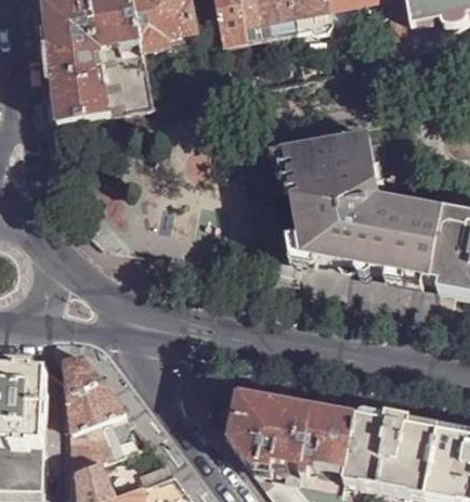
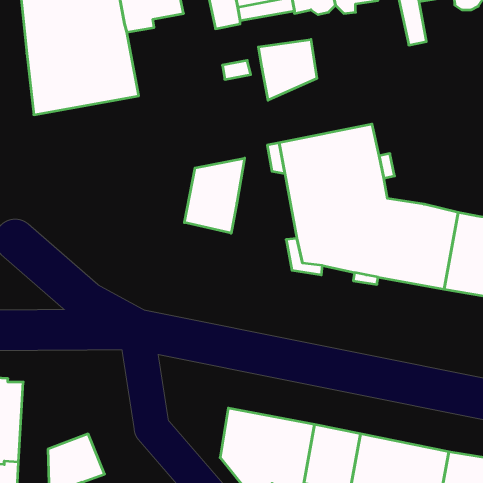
building: none -> [258,39,317,100]
building: none -> [184,158,245,233]
building: [63,350,123,427] -> none

